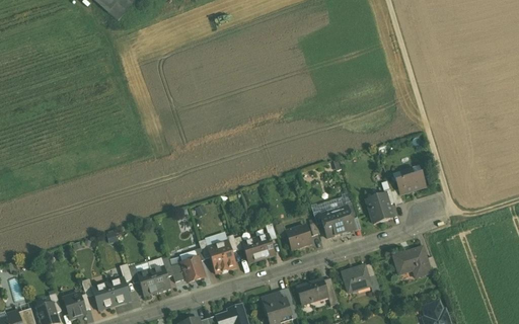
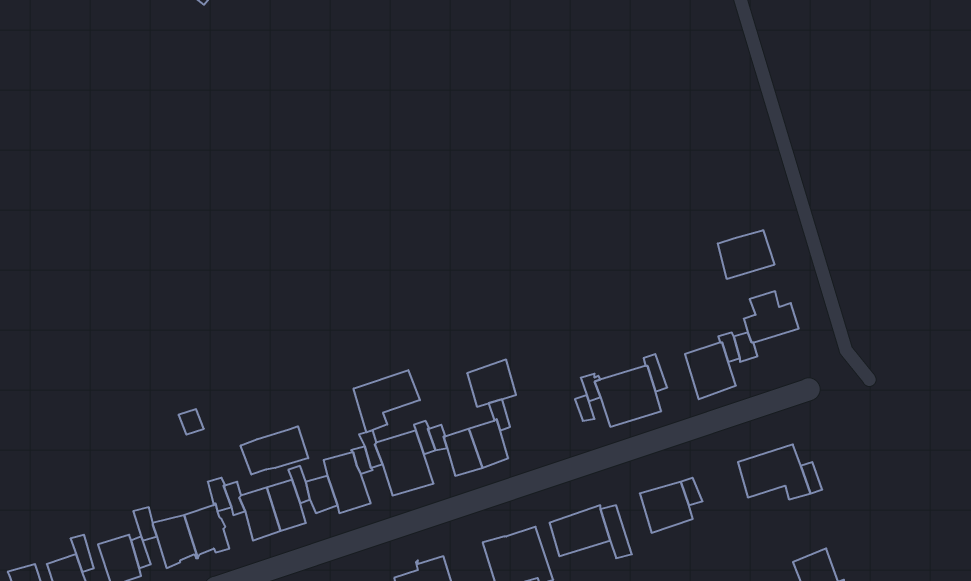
building: none -> [718,230,774,279]
building: none -> [354,370,420,432]
building: [285,223,310,247] -> [467,360,516,407]
building: none -> [241,426,308,475]

